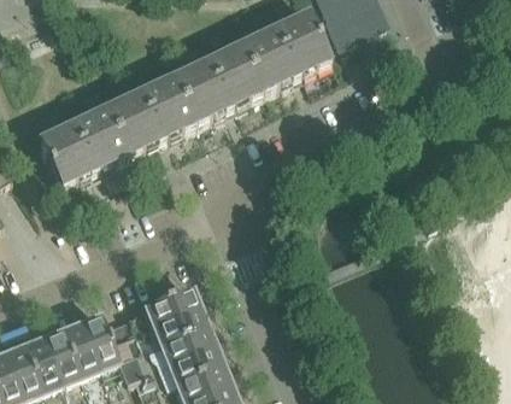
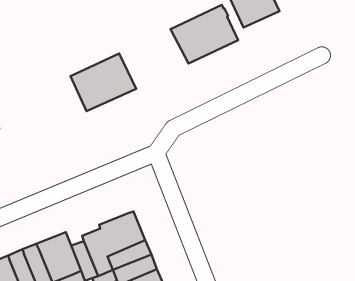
building: [172,42,265,122] -> none
building: [39,105,129,185] -> none

